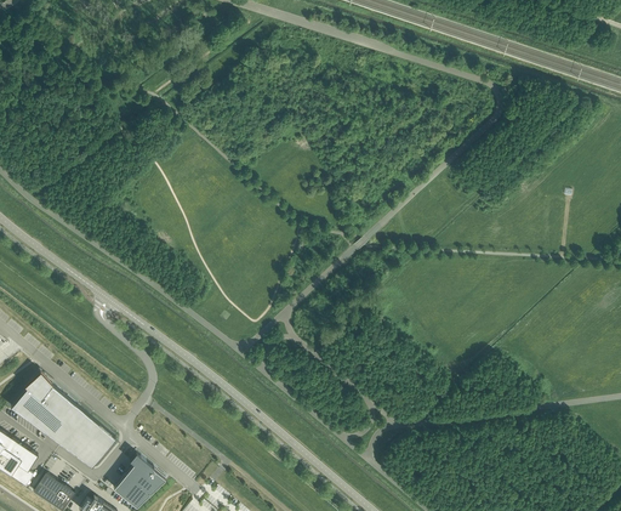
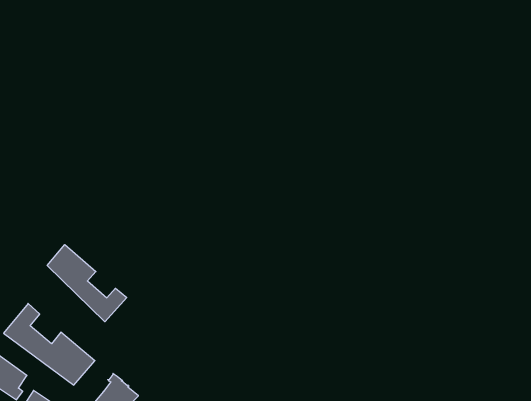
building: none -> [47,245,127,322]

